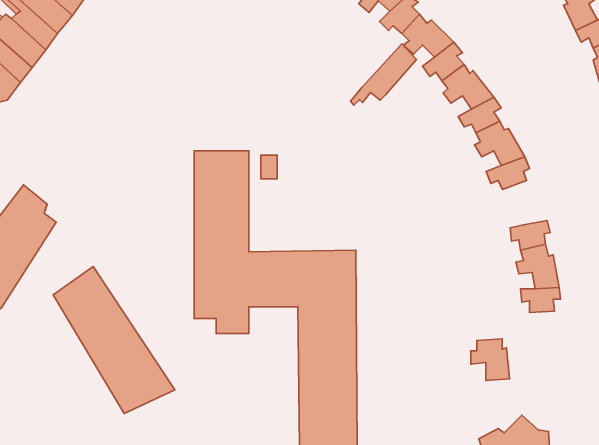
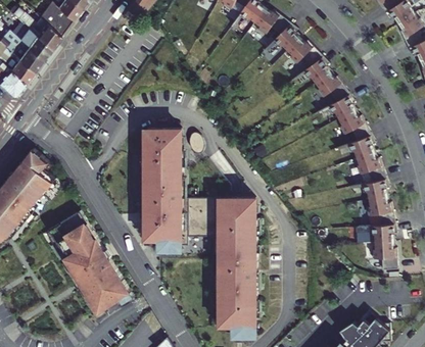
building: [351,44,417,105] -> none
building: none -> [355,152,387,183]
building: [471,339,509,380] -> [371,242,397,270]

